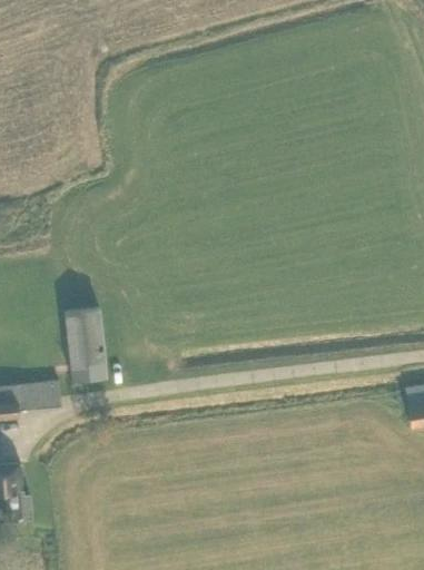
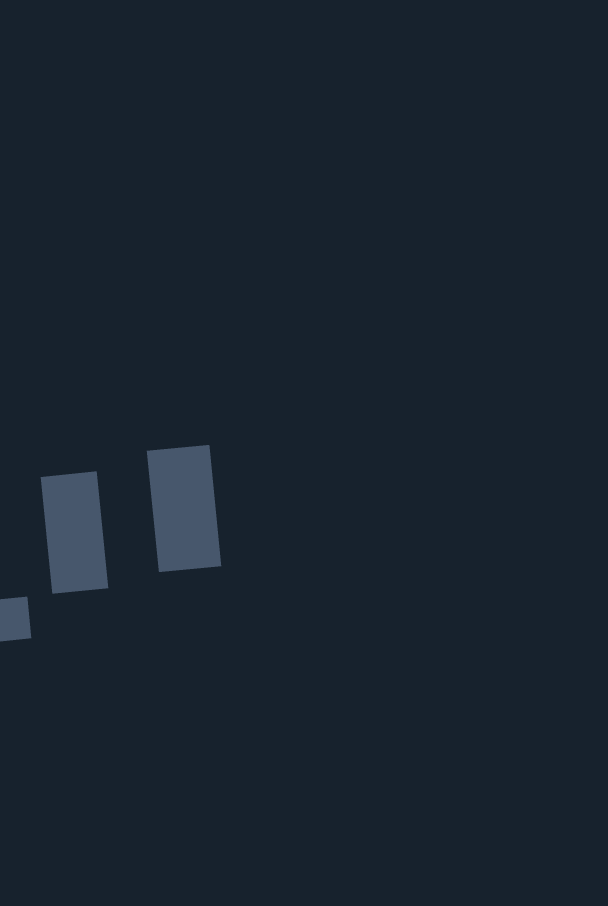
building: none -> [146,444,222,573]

